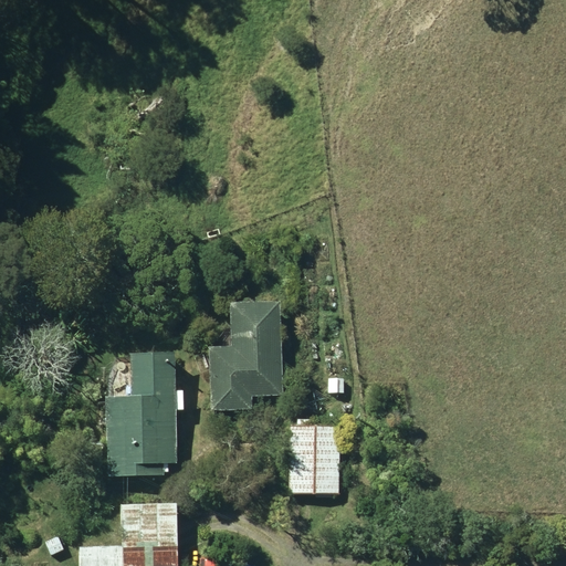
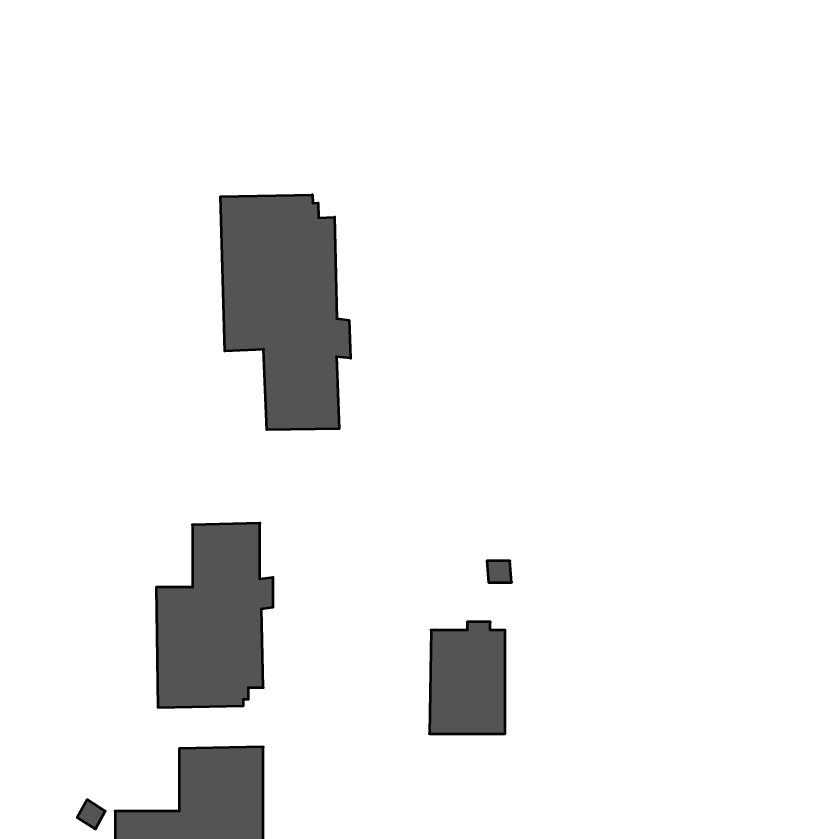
building: none -> [221,195,351,430]
building: [209,301,282,410] -> none

